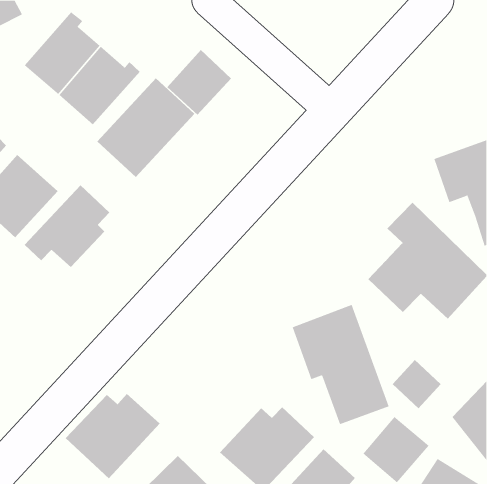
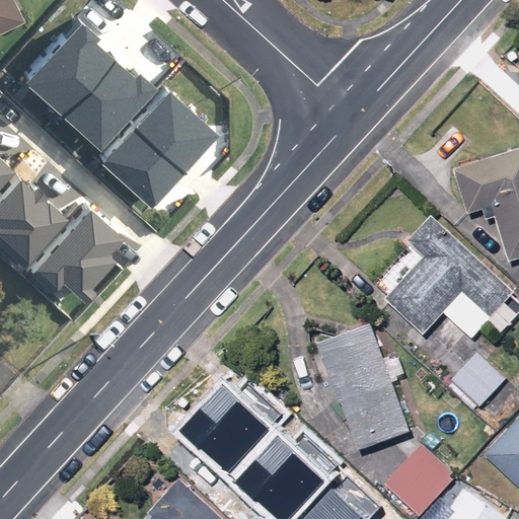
building: [166,49,232,115] -> none
building: [392,359,441,409] -> [454,358,507,411]
building: [65,393,160,479] -> [177,387,279,478]

